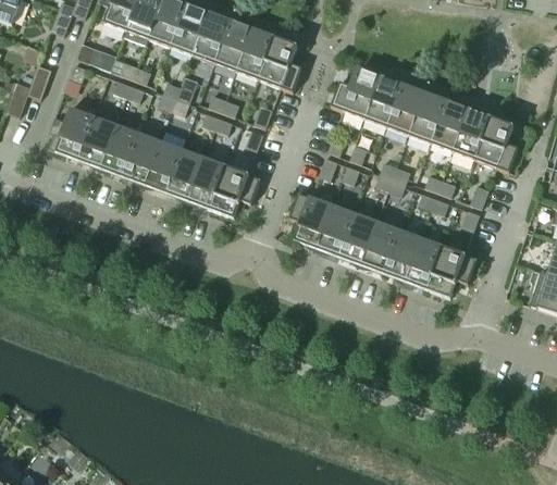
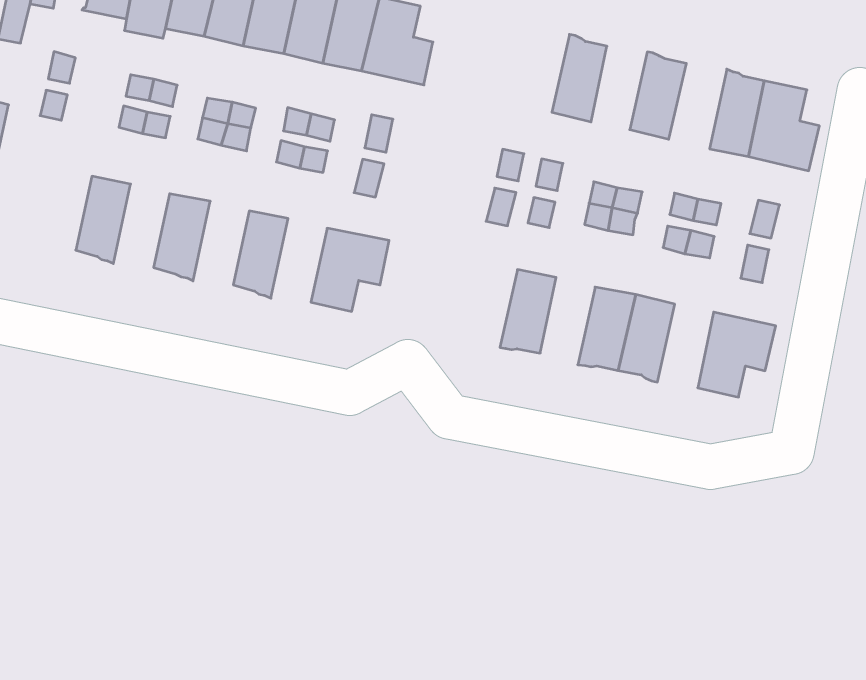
building: [331,67,382,117] -> none
building: [387,84,425,134] -> none
building: [431,100,470,151] -> none
building: [47,108,95,159] -> none
building: [100,125,138,175] -> none
building: [145,141,183,191] -> none
building: [188,158,226,208] -> none
building: [289,192,333,249] -> none
building: [339,213,376,265] -> none
building: [405,238,443,288] -> none

